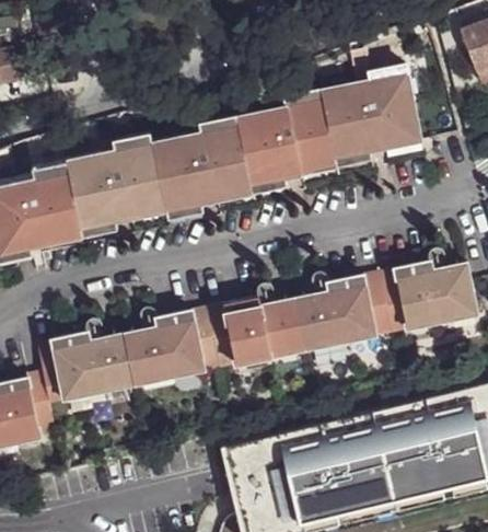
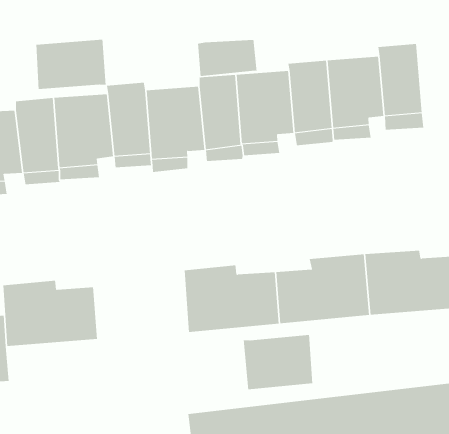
building: none -> [197,39,257,77]
building: none -> [36,39,106,90]
building: [123,309,218,384] -> none
building: none -> [243,334,313,390]

